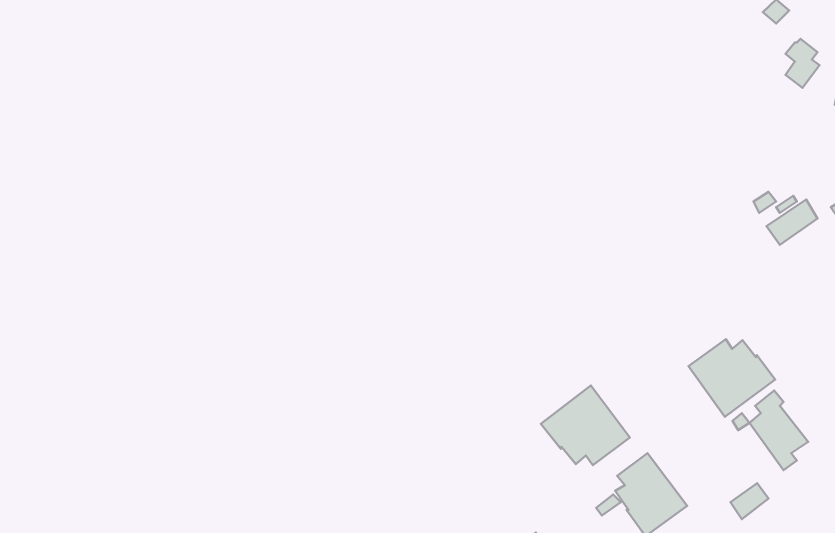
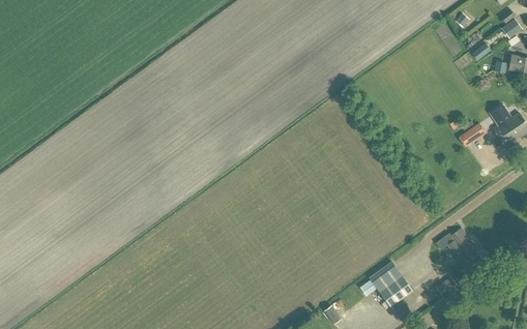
building: [688,339,775,417] -> none
building: [541,385,630,465] -> none

